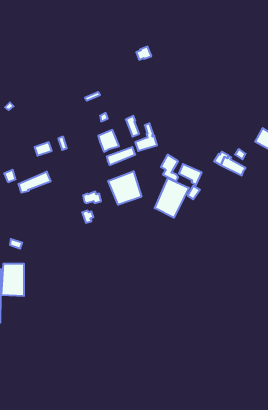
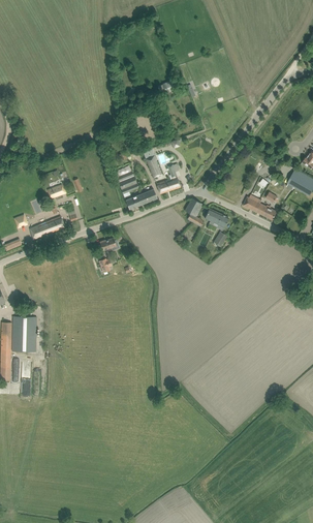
building: [108,171,141,205] -> none
building: [155,178,189,218] -> none

